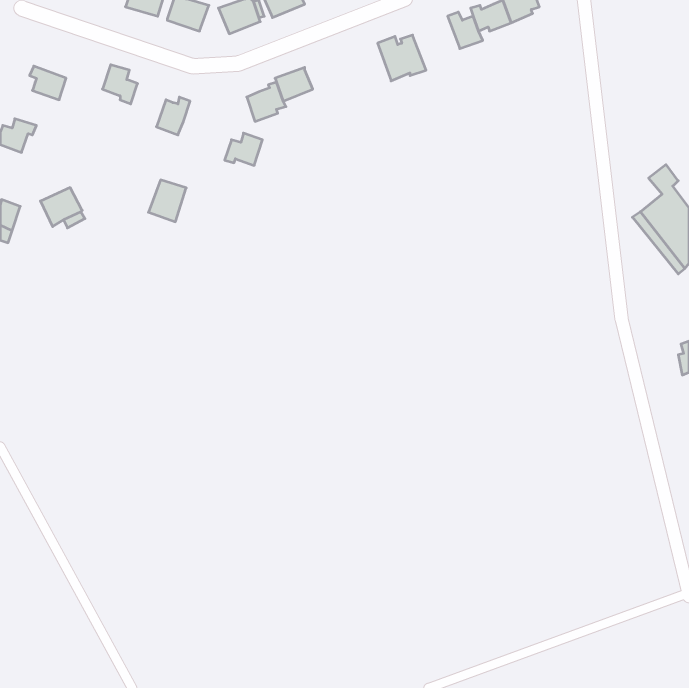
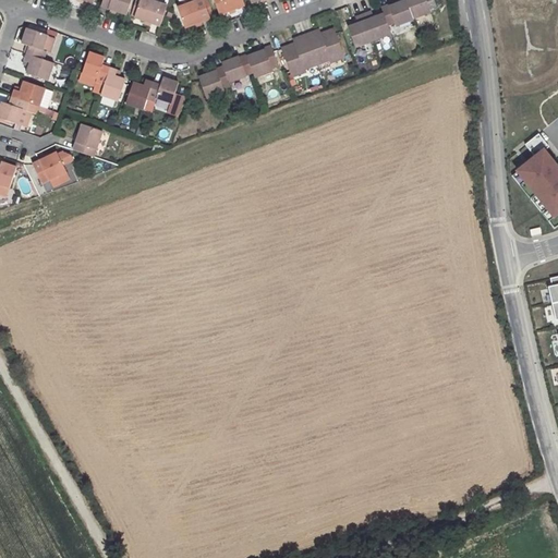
building: none -> [348,13,372,46]
building: none -> [23,27,56,59]
building: none -> [281,35,316,76]
building: none -> [246,45,279,77]
building: none -> [101,68,126,101]
building: none -> [12,80,46,105]
building: [225,133,262,165] -> [148,76,179,102]
building: [148,180,186,222] -> [73,123,104,157]

